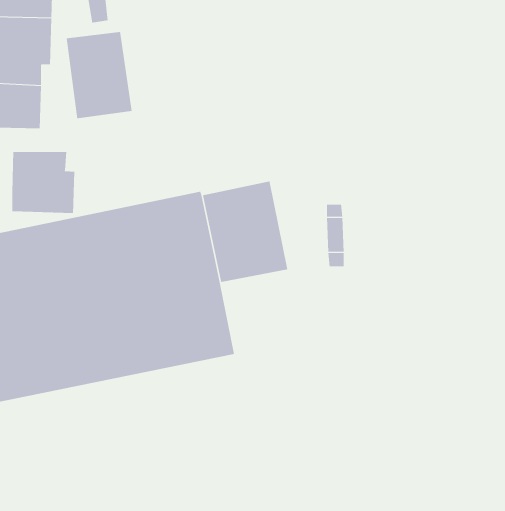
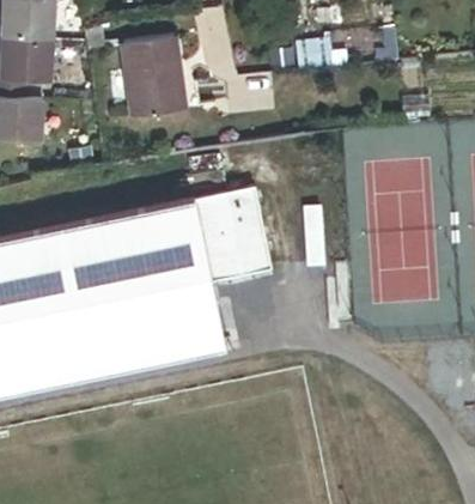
building: [66,32,132,119] -> [126,37,187,117]
building: [12,151,75,214] -> none

